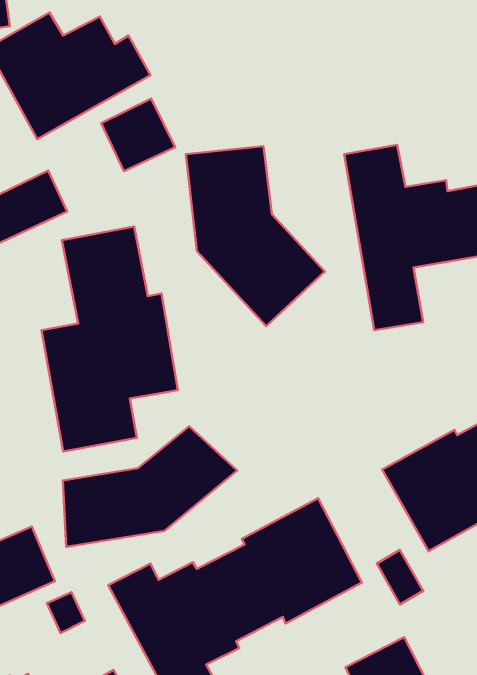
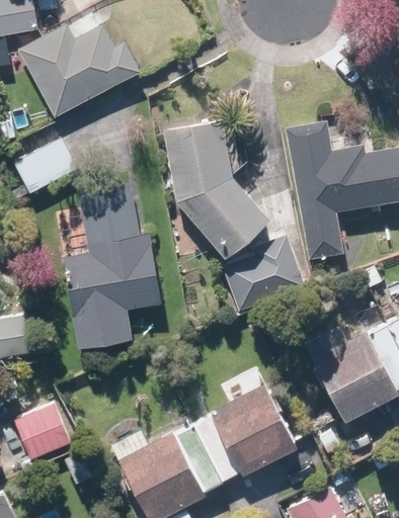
building: [101,99,175,171] -> none
building: none -> [221,240,305,311]
building: [63,426,237,547] -> none

